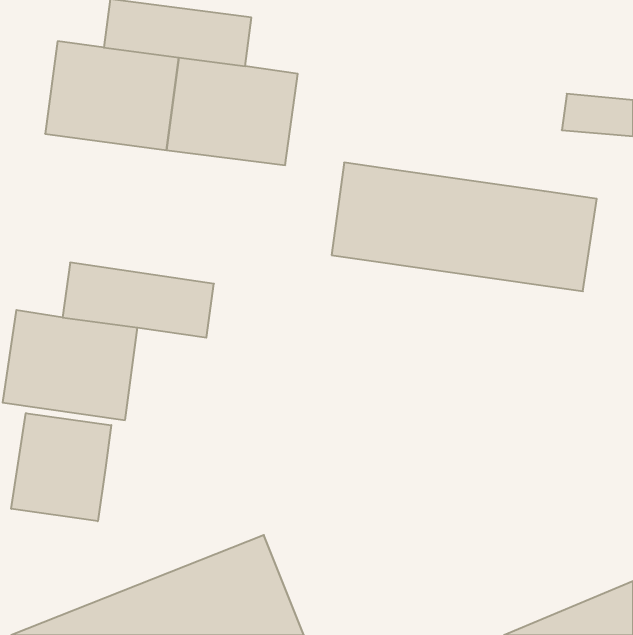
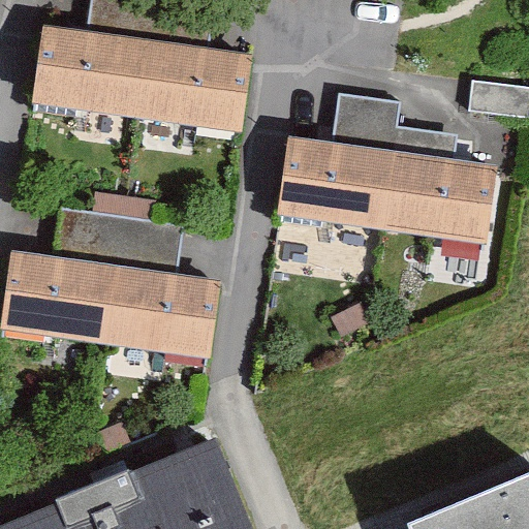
building: none -> [328,89,453,158]
building: none -> [103,271,221,363]
building: [11,413,111,521] -> none

